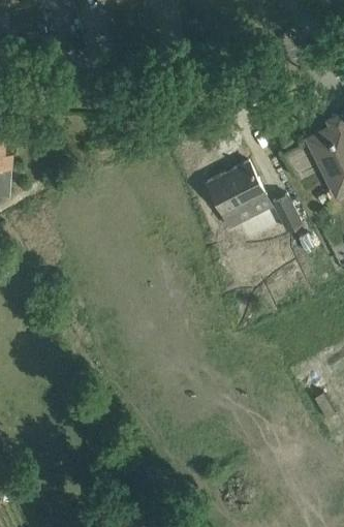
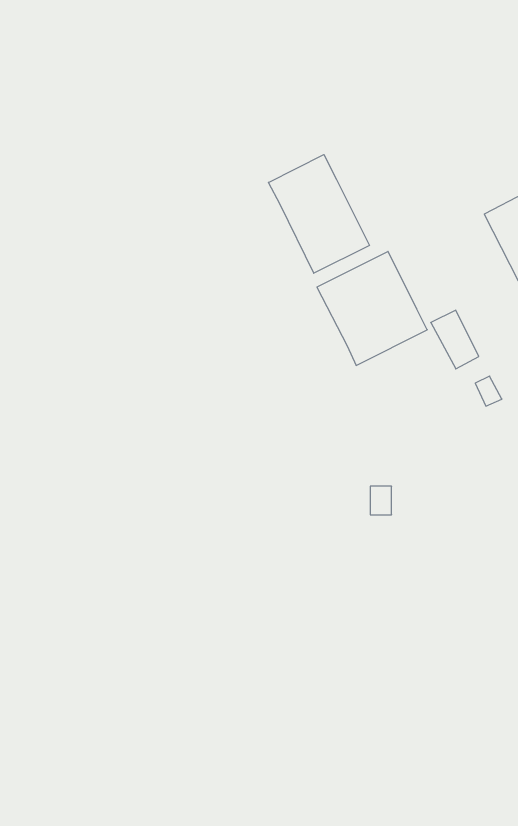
building: none -> [268,155,369,273]

